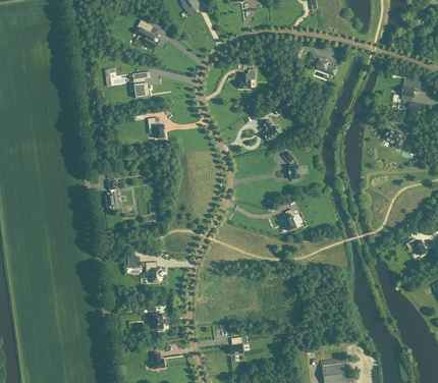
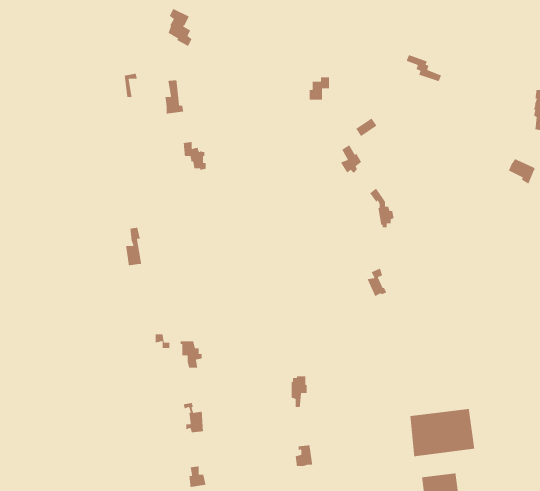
building: none -> [410,408,475,457]

